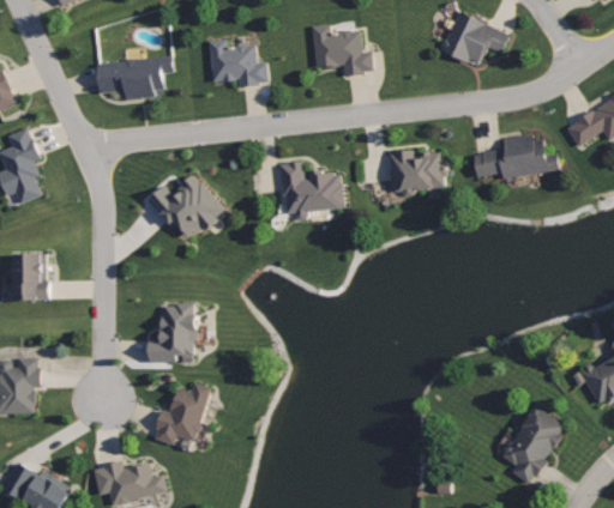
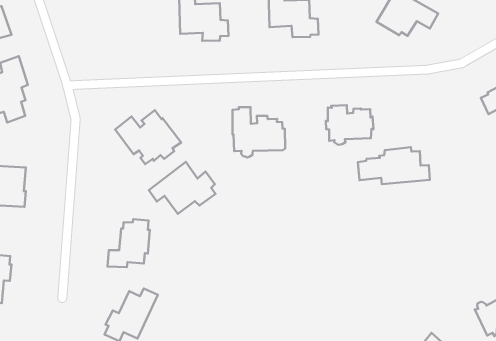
building: [96,54,175,99] -> none
building: [474,134,559,180] -> [358,147,430,184]
building: none -> [149,162,215,214]

